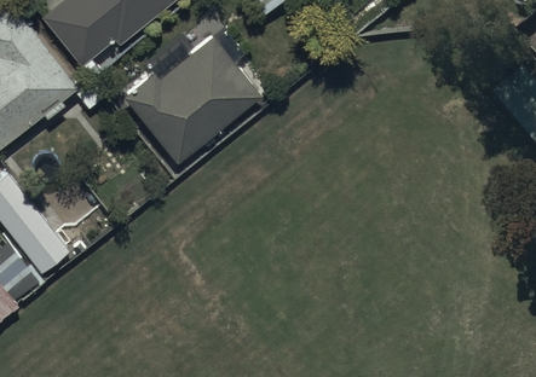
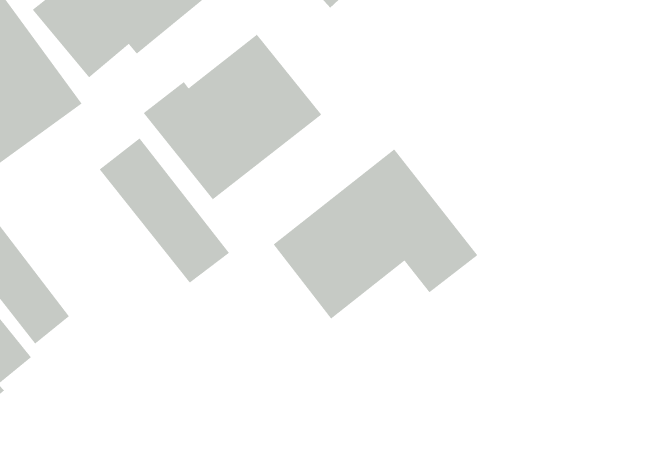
building: none -> [99,137,230,283]
building: none -> [273,148,478,319]

